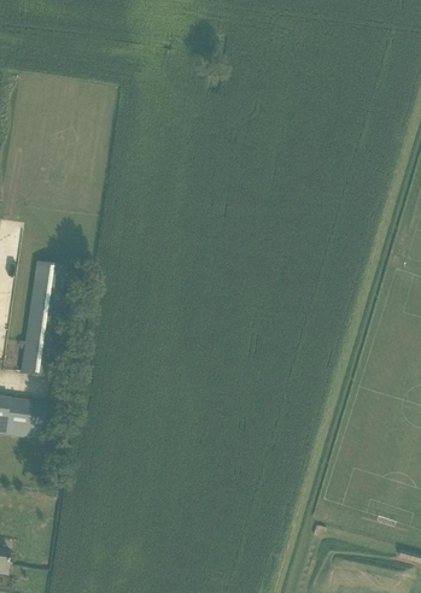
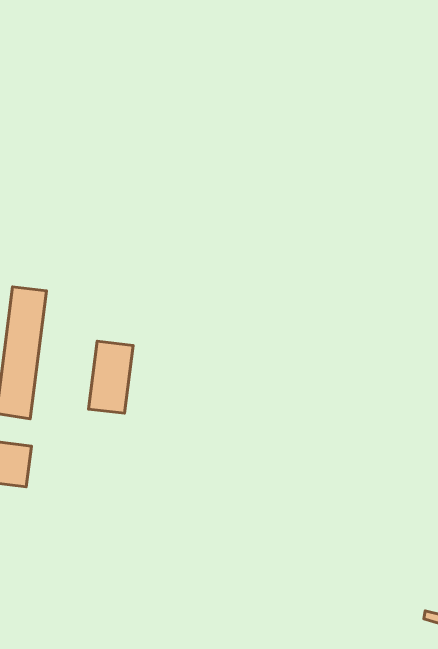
building: none -> [89,341,133,413]

